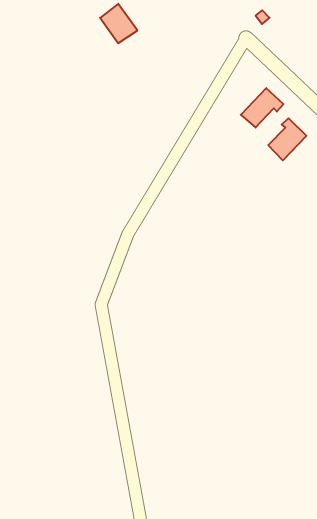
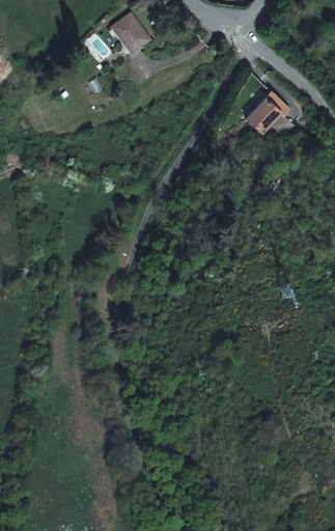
building: [268,118,306,160] -> none

